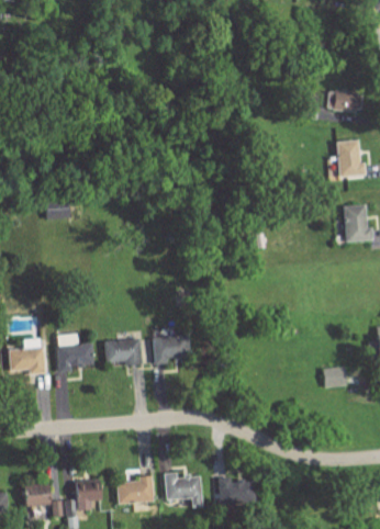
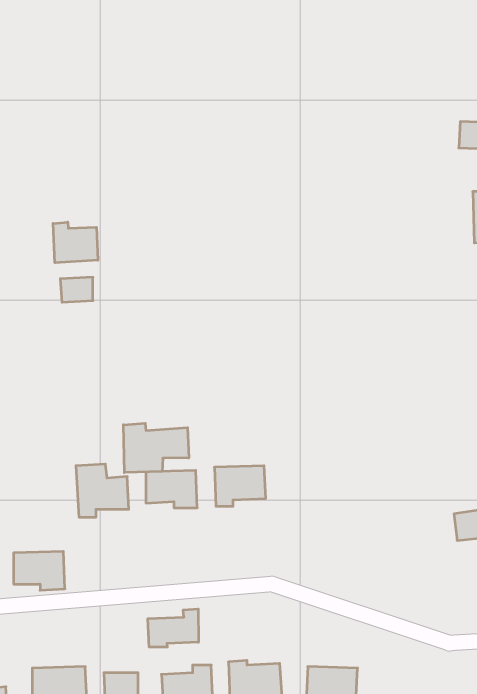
building: none -> [53,222,98,263]
building: none -> [123,423,189,473]
building: [9,347,45,374] -> [14,551,65,590]
building: none -> [148,609,198,647]

